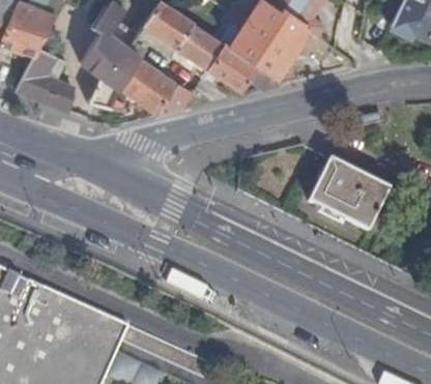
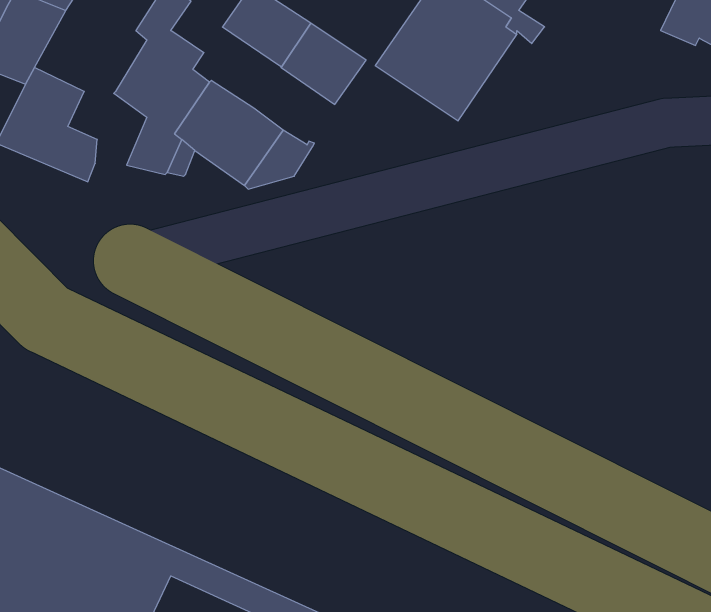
building: [201,45,284,93] -> none
building: [307,158,389,232] -> none

